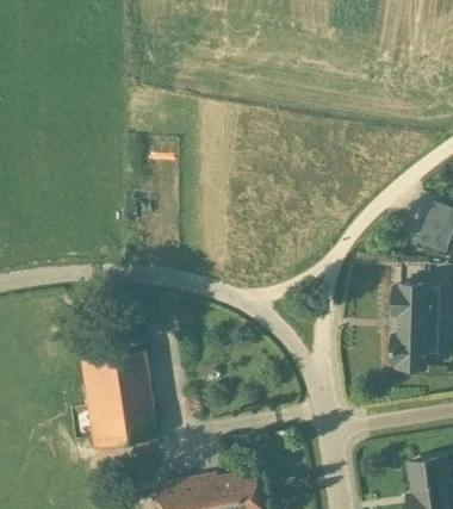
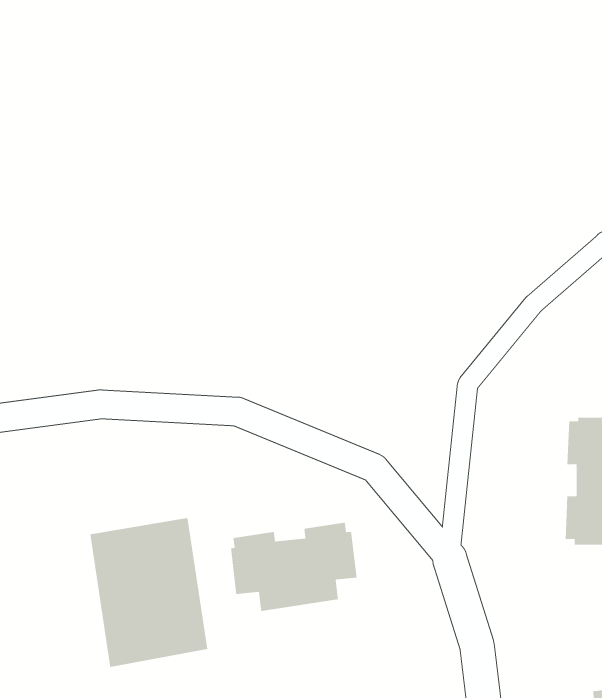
building: none -> [231,522,357,612]

